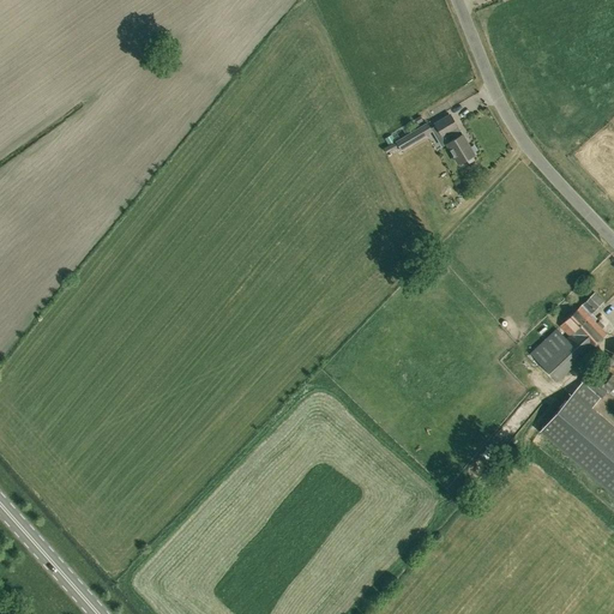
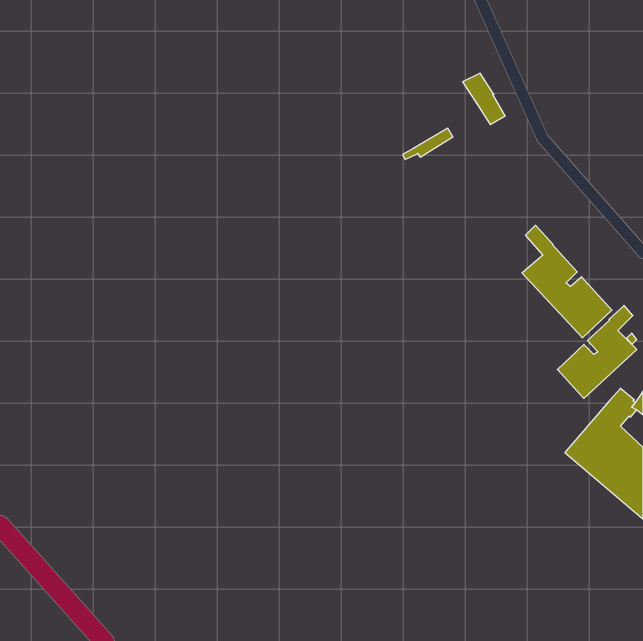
building: [433,115,474,164] -> [463,73,505,125]
building: none -> [522,225,612,338]

